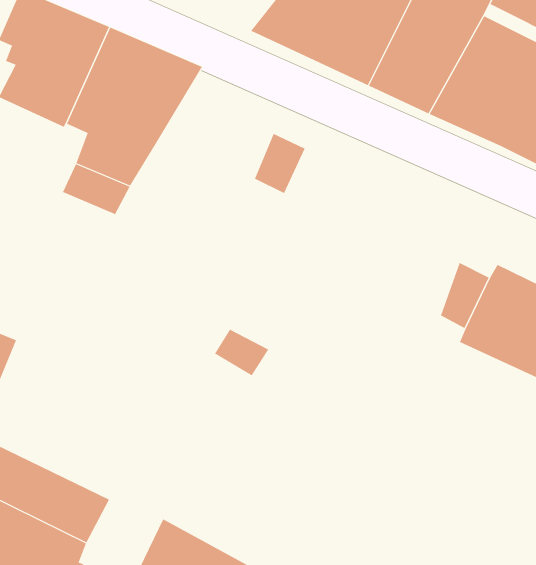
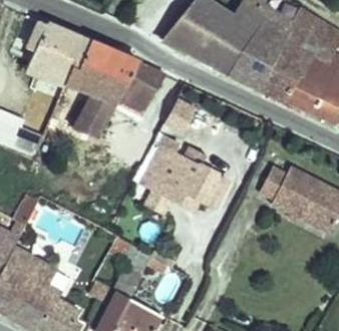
building: none -> [113,58,163,112]
building: none -> [142,145,229,206]

